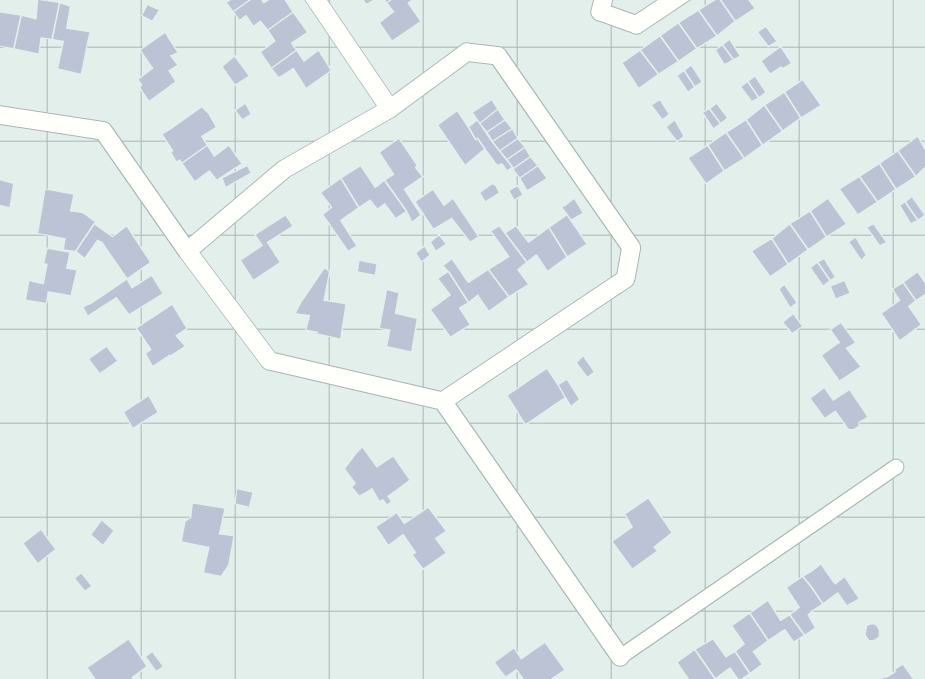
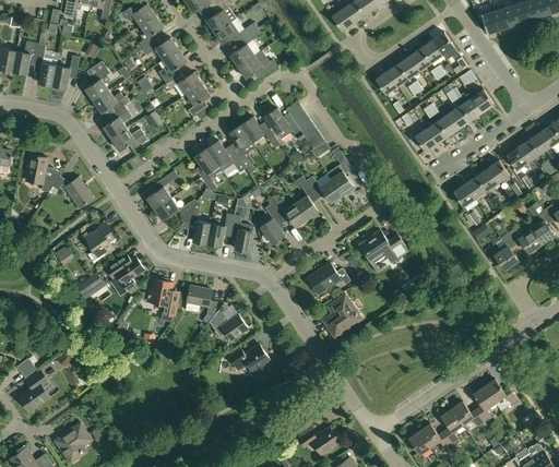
building: none -> [237,53,276,79]
building: none -> [51,55,79,87]
building: none -> [186,83,211,118]
building: none -> [92,89,129,118]
building: [415,189,479,242] -> [241,116,280,147]
building: [25,248,77,303] -> none
building: none -> [154,197,197,221]
building: [83,275,163,316] -> none
building: none -> [206,213,234,246]
building: none -> [358,229,407,271]
building: none -> [105,254,143,291]
building: [810,388,868,430] -> [506,227,540,252]
building: none -> [185,285,216,324]
building: [612,498,672,569] -> [322,294,358,336]
building: [181,503,234,576] -> [146,278,178,322]
building: none -> [20,371,48,409]

